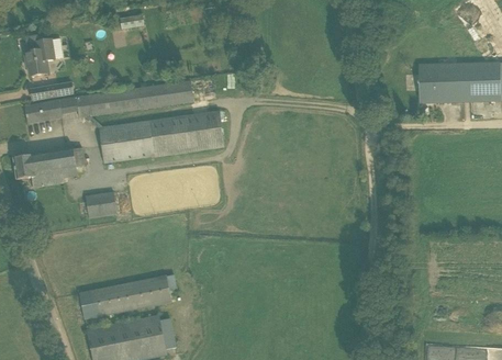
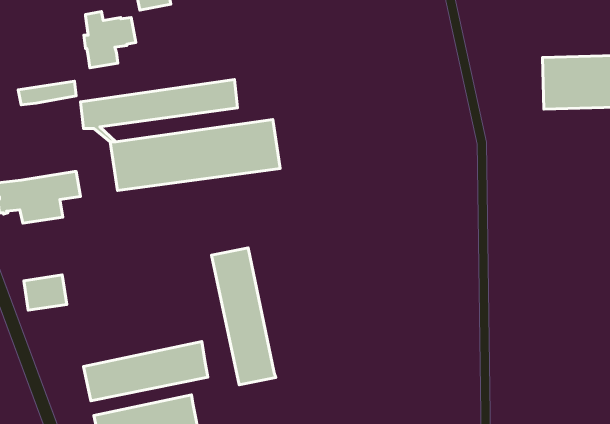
building: [25,34,64,76] -> [84,12,136,68]
building: [24,99,63,123] -> none
building: [86,191,118,217] -> [24,275,67,310]
building: none -> [212,248,276,385]

